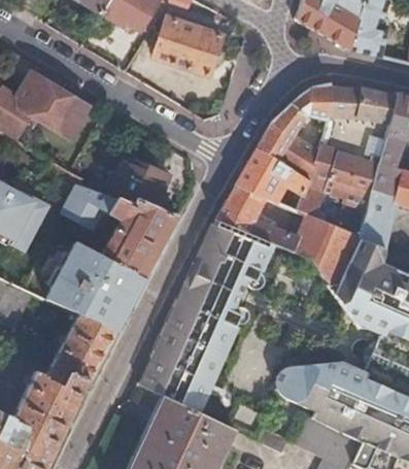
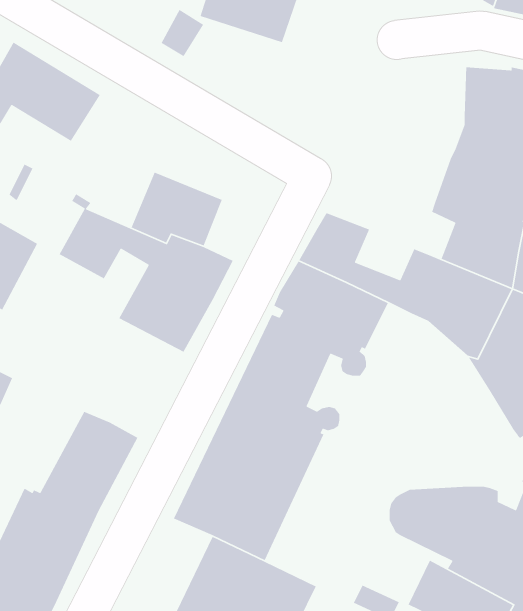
building: [238,86,331,201] -> none
building: [45,241,144,333] -> none

